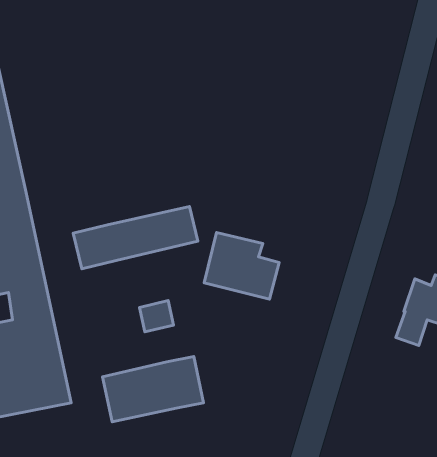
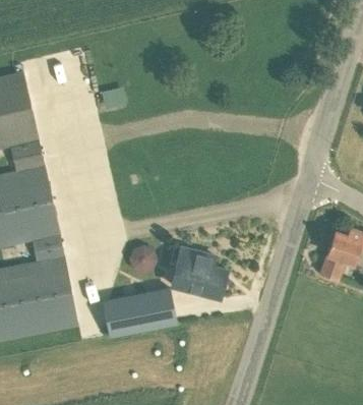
building: [73,206,198,269] -> none
building: [204,232,279,299] -> [171,248,227,298]

